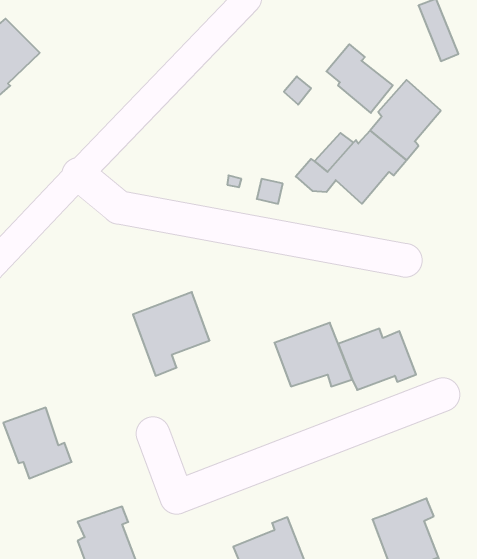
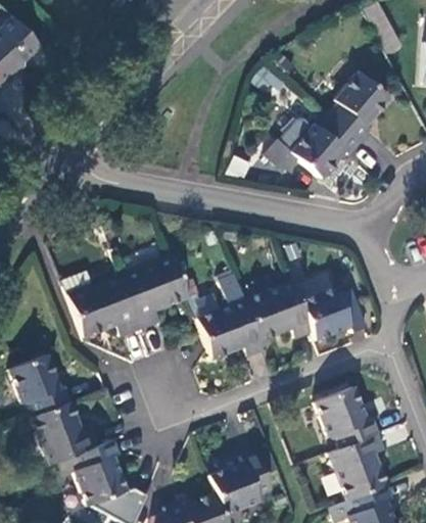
building: [326,44,393,113] -> none
building: none -> [68,274,142,336]
building: none -> [198,275,264,356]
building: none -> [316,387,377,447]
building: none -> [31,401,98,464]

